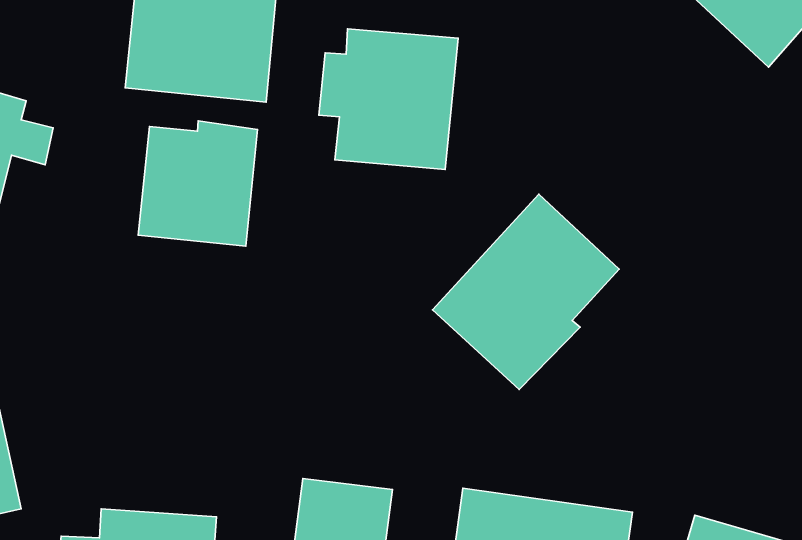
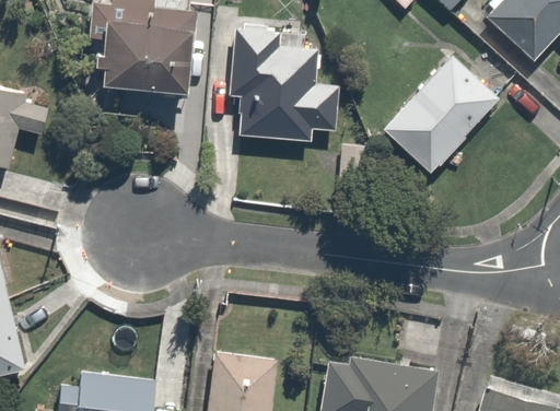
building: none -> [381,49,504,175]
building: [138,121,258,246] -> none
building: [433,194,619,390] -> none

